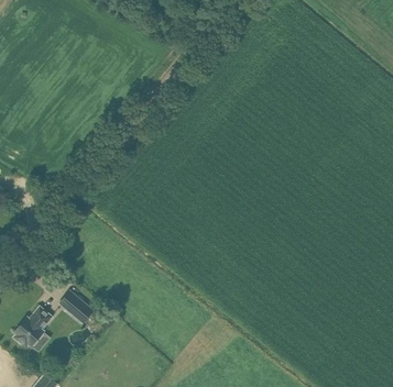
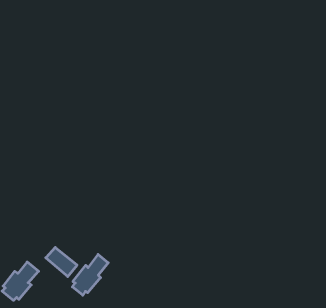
building: none -> [72,254,108,295]

